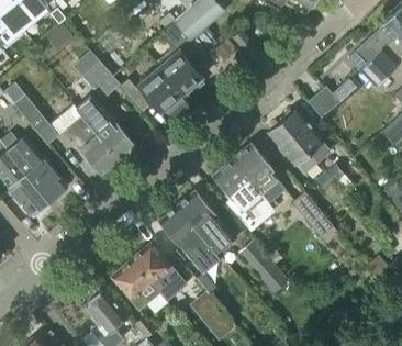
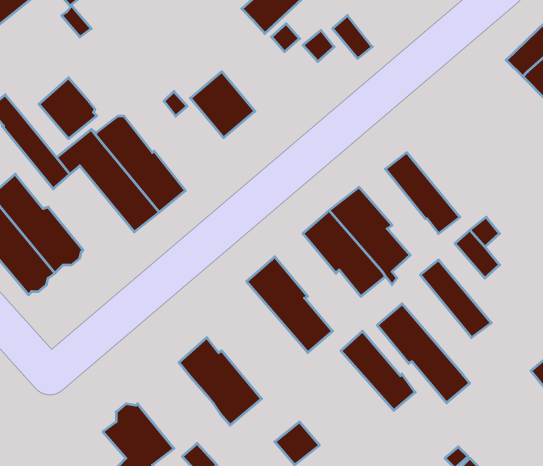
building: [158,26,201,93] -> none
building: [81,59,120,100] -> [39,78,97,139]
building: [308,79,356,118] -> none
building: [282,110,331,164] -> none
building: [159,207,221,272] -> [377,304,470,403]
building: [111,260,166,313] -> none

